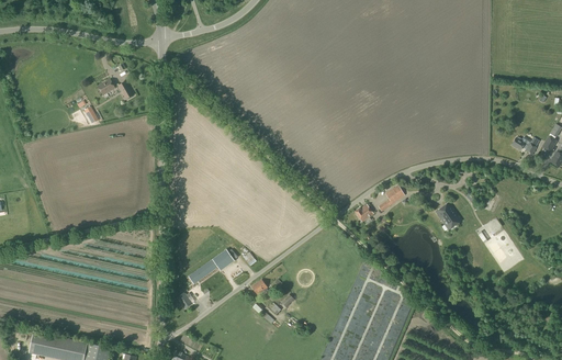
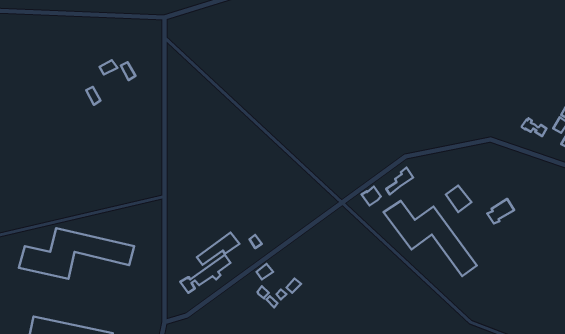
building: none -> [384,201,477,276]
building: none -> [19,228,134,279]

